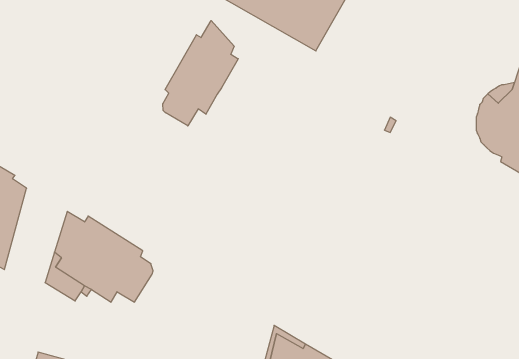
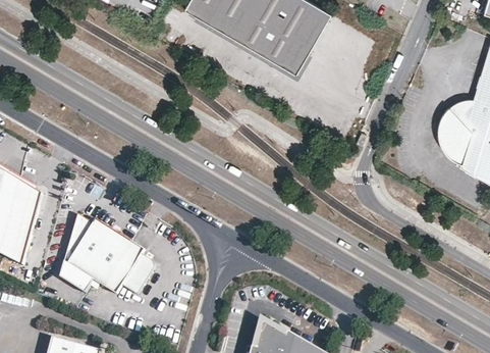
building: [163,21,238,126] -> none

